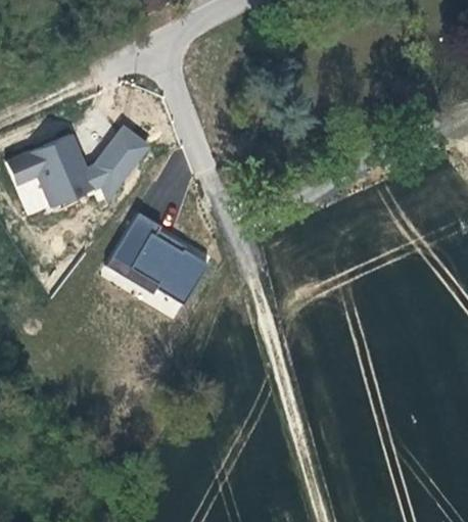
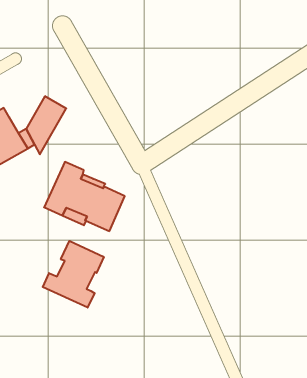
building: none -> [43,241,104,308]

